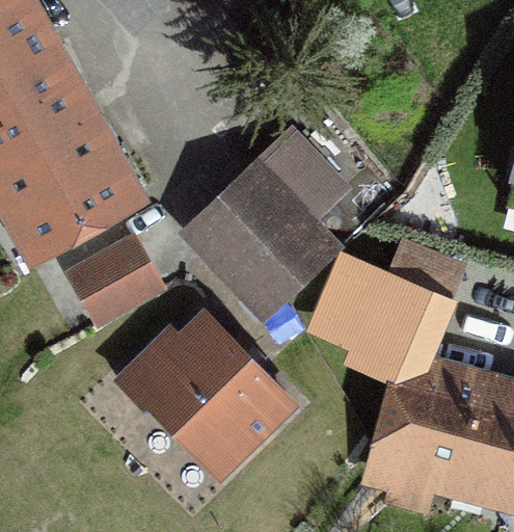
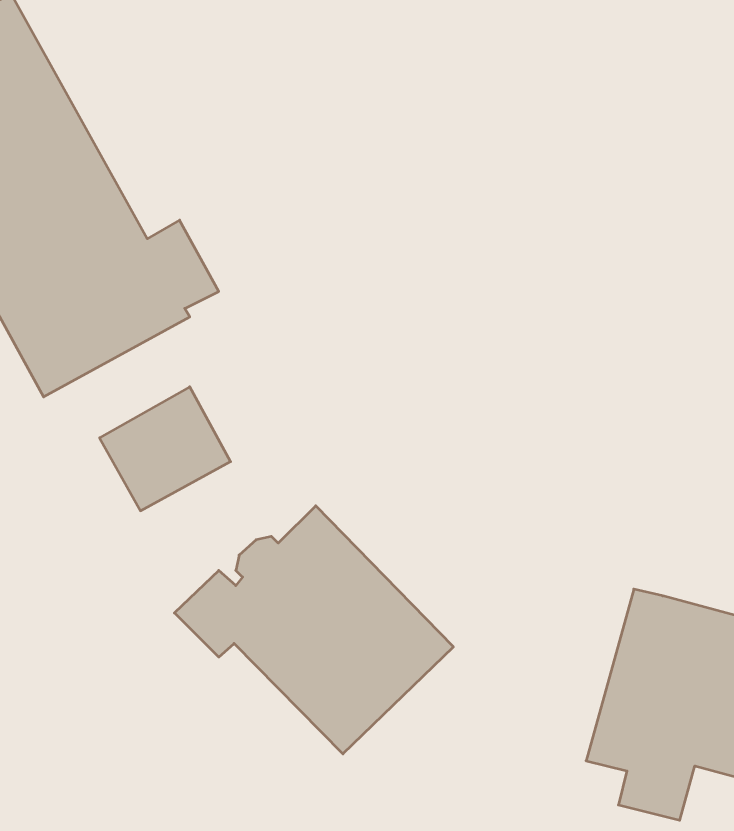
building: [190,138,343,317] -> none
building: [318,255,456,373] -> none

